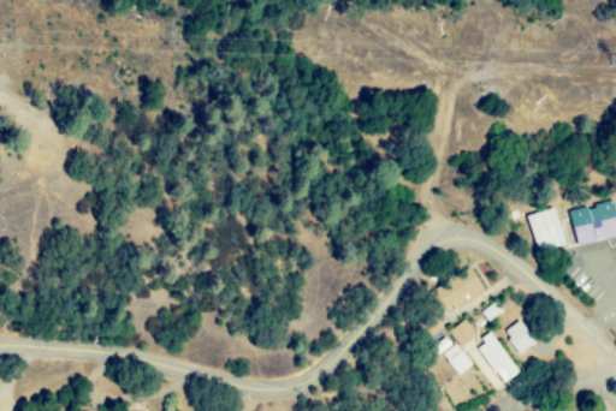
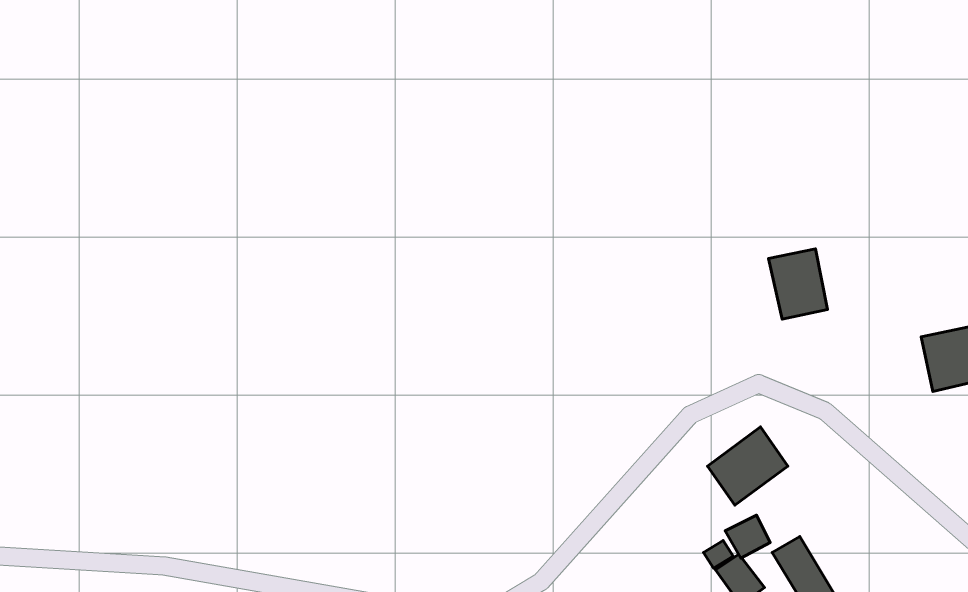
building: [528,209,564,252] -> [769,249,827,319]
building: [504,320,537,355] -> none

